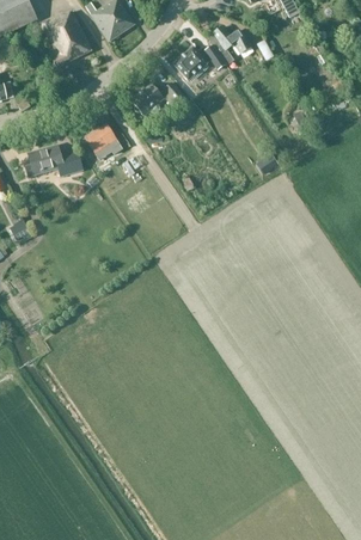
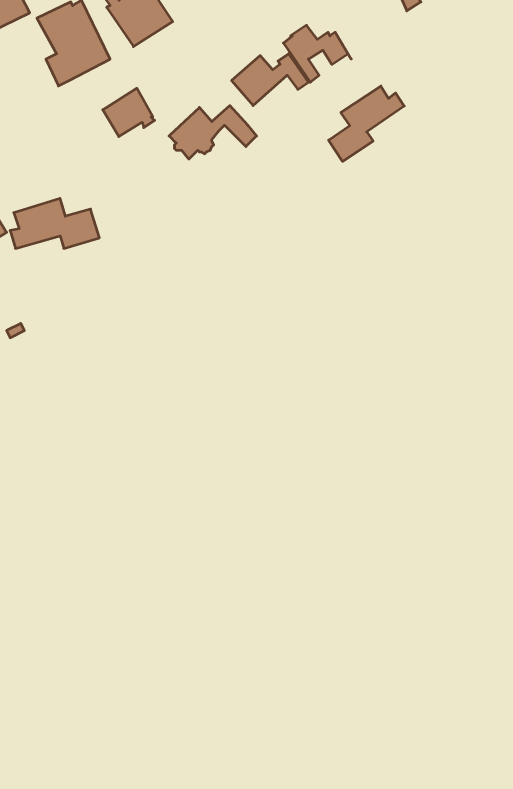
building: none -> [329,86,404,161]
building: [84,122,118,154] -> [103,88,155,137]

